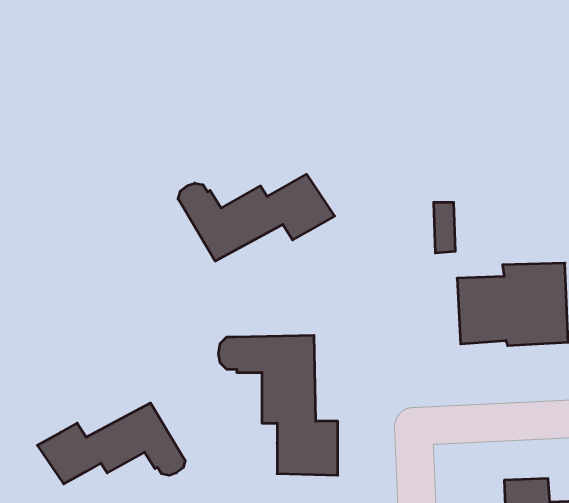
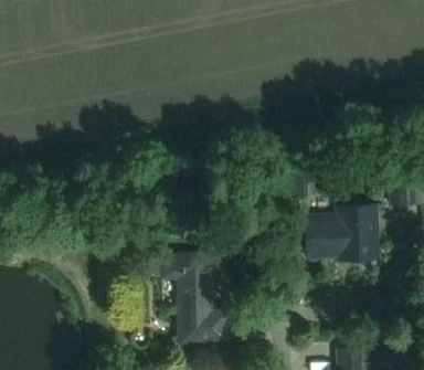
building: [178,174,335,261] -> none
building: [37,403,185,484] -> none

